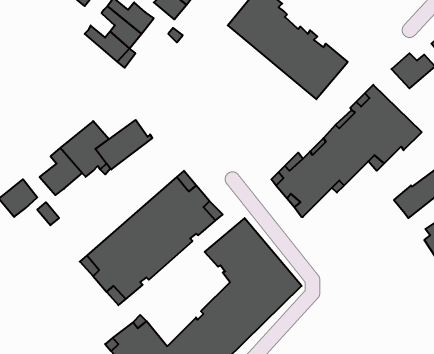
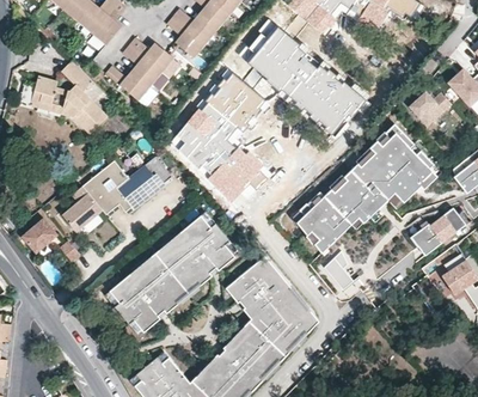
building: none -> [31,59,108,134]
building: none -> [167,73,265,201]
building: none -> [326,255,356,292]

